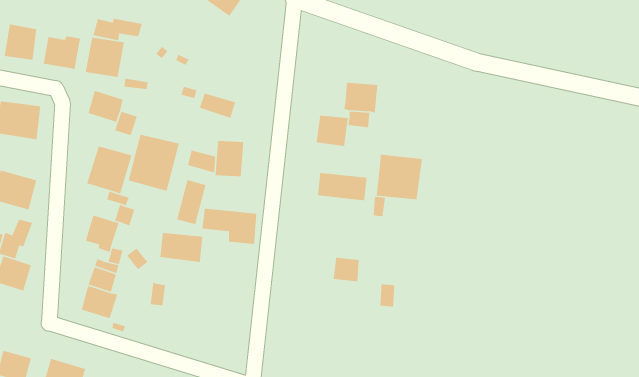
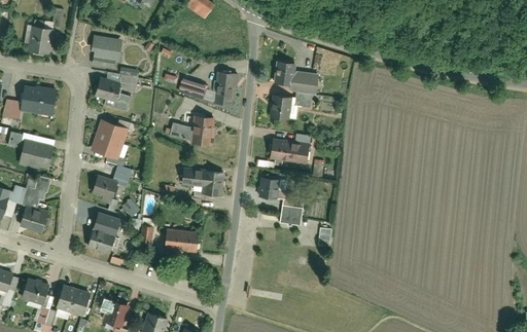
building: [92,18,143,41] -> none
building: [43,36,81,70] -> none
building: none -> [273,61,294,84]
building: none -> [213,72,236,105]
building: [128,134,180,192] -> none
building: [376,154,423,200] -> none
building: [176,179,207,225] -> none
building: none -> [259,177,281,198]
building: [160,232,203,263] -> [164,228,198,252]

